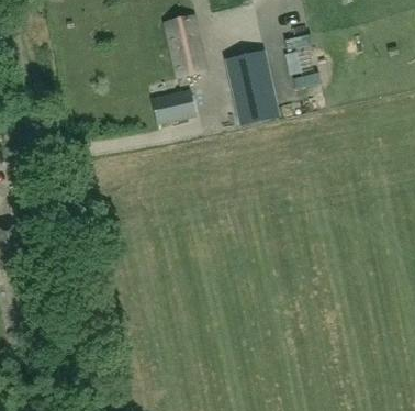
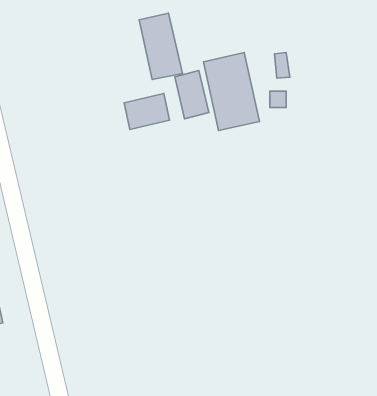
building: none -> [175,71,209,119]

